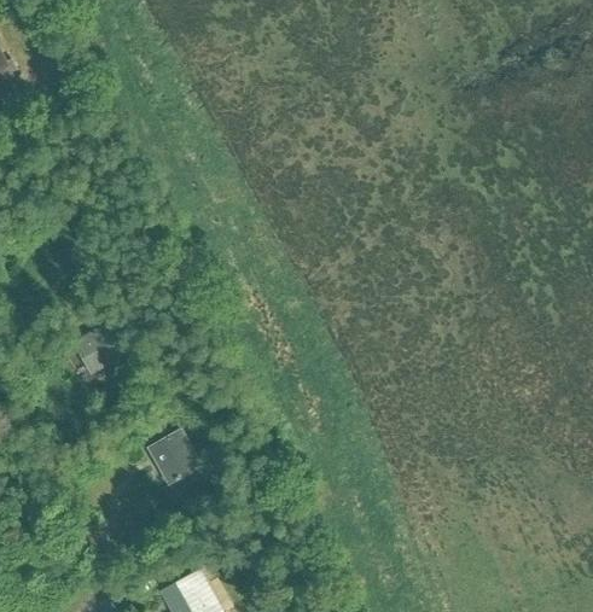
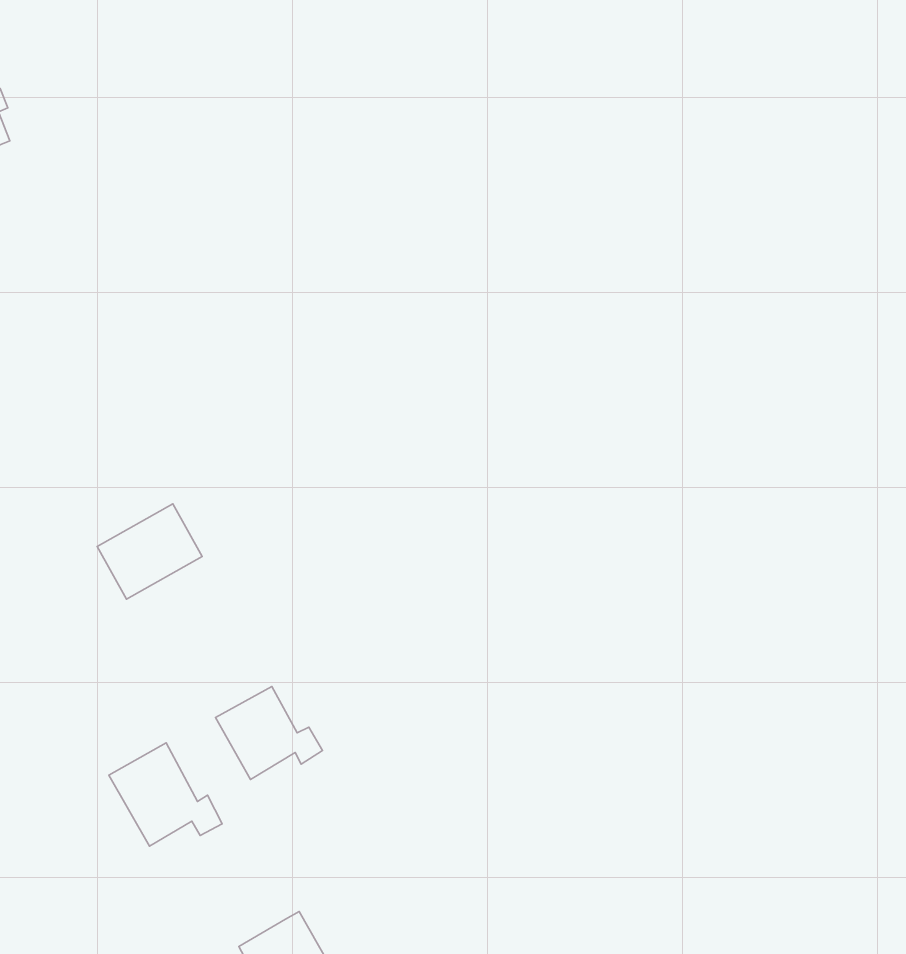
building: none -> [109,743,222,846]

